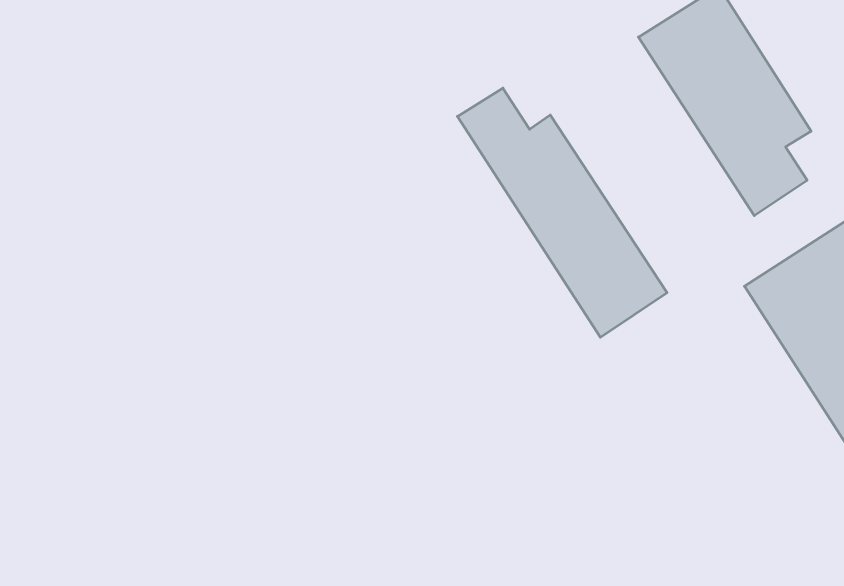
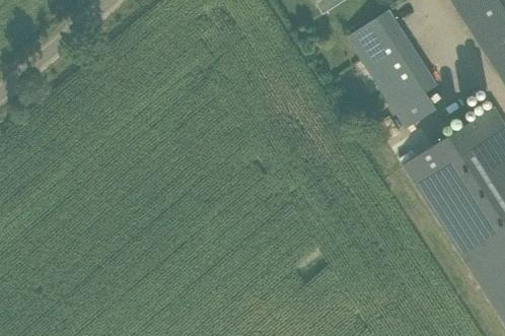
building: [457,88,667,337] -> none

